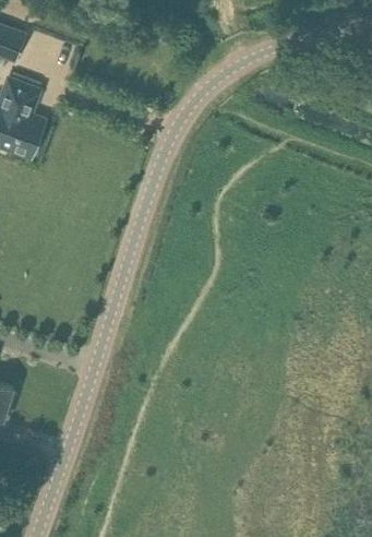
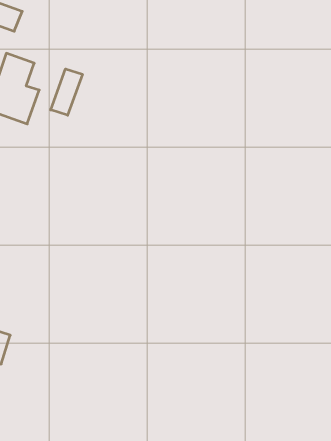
building: none -> [51,69,82,115]

